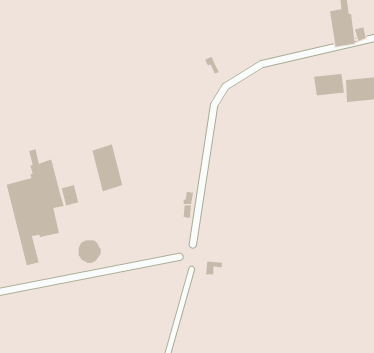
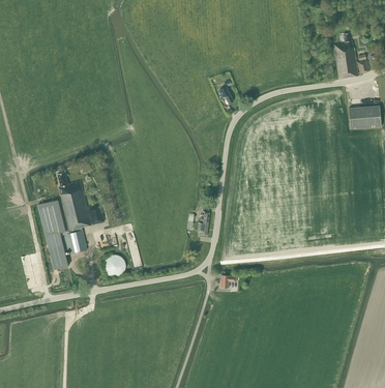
building: [314,73,345,96] -> none
building: [92,144,123,192] -> none

